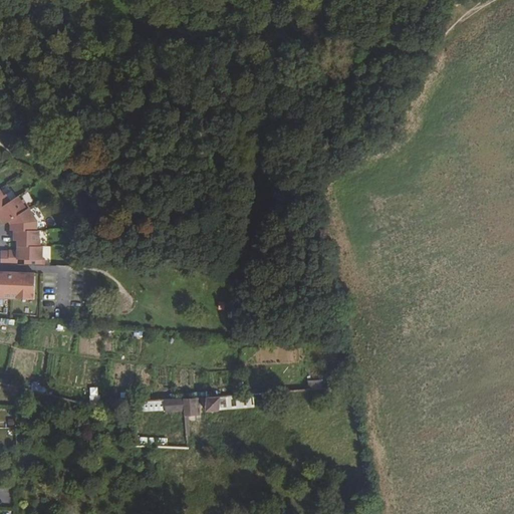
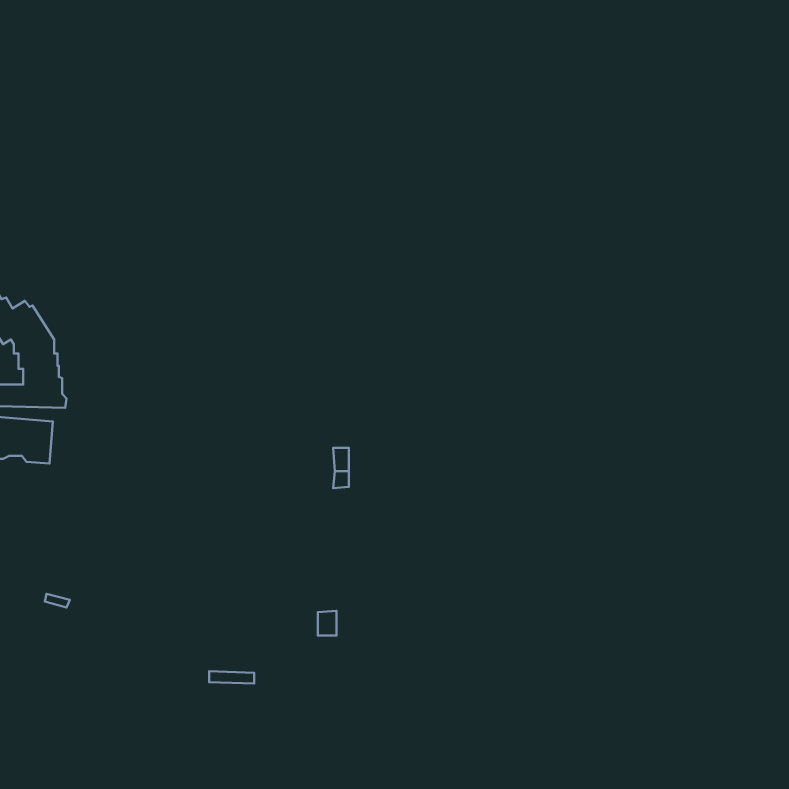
building: [163,398,194,416] -> none

